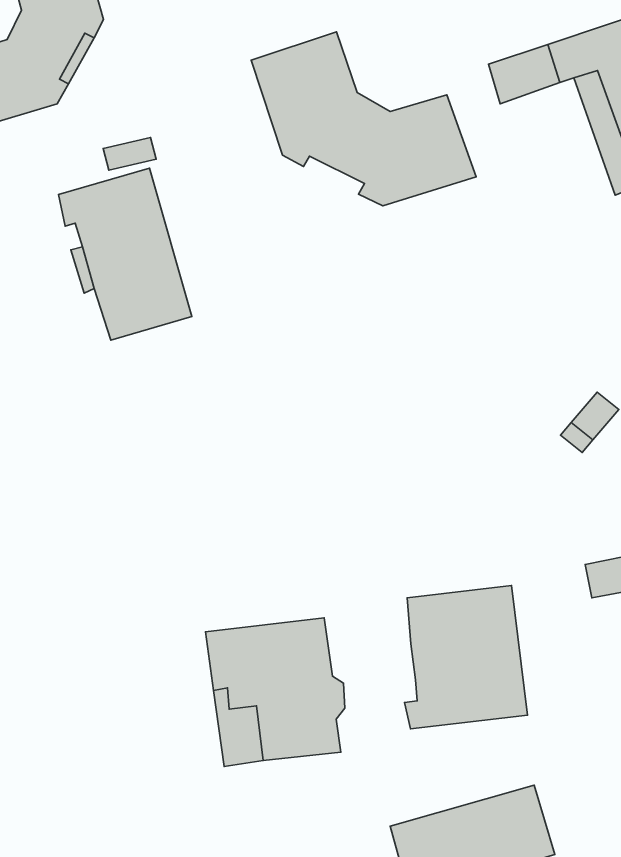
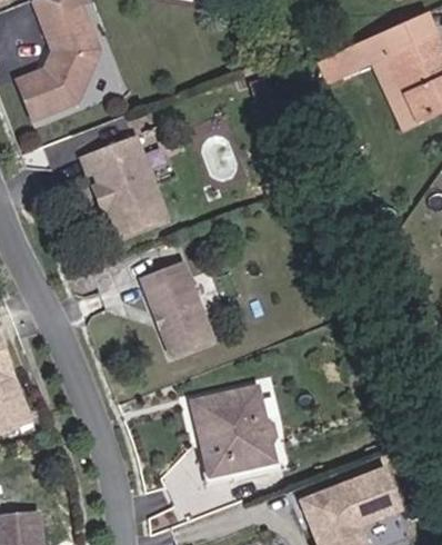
building: [251,32,476,206] -> none
building: none -> [140,260,212,355]
building: [405,586,527,729] -> none

